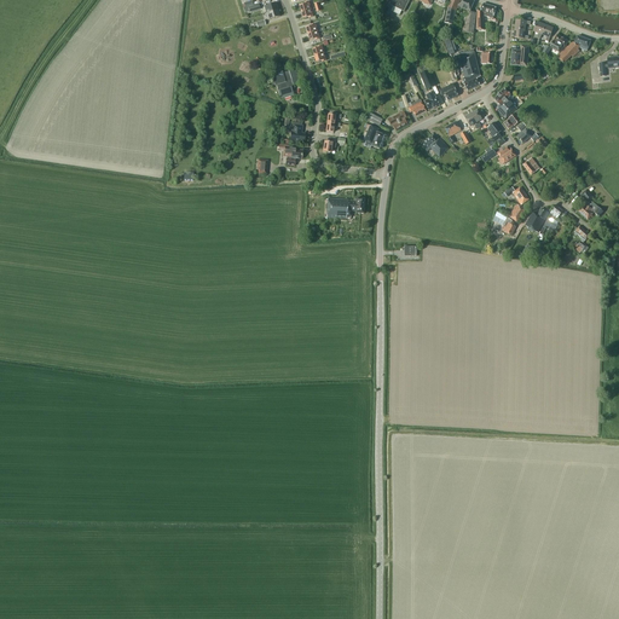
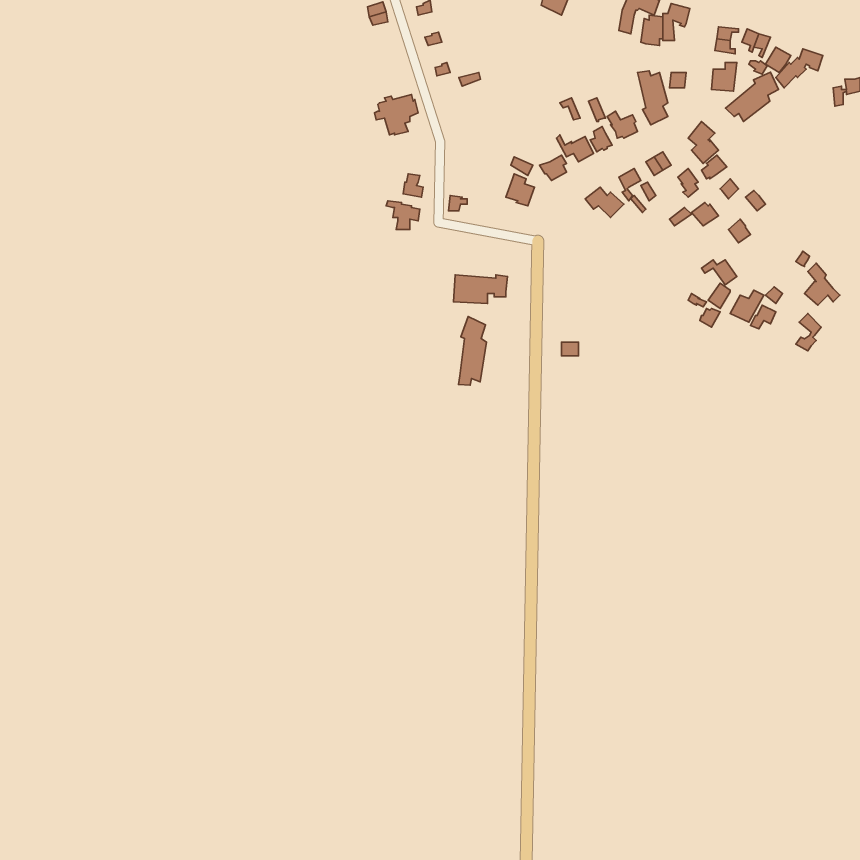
building: none -> [725,72,779,121]
building: none -> [459,316,486,385]

